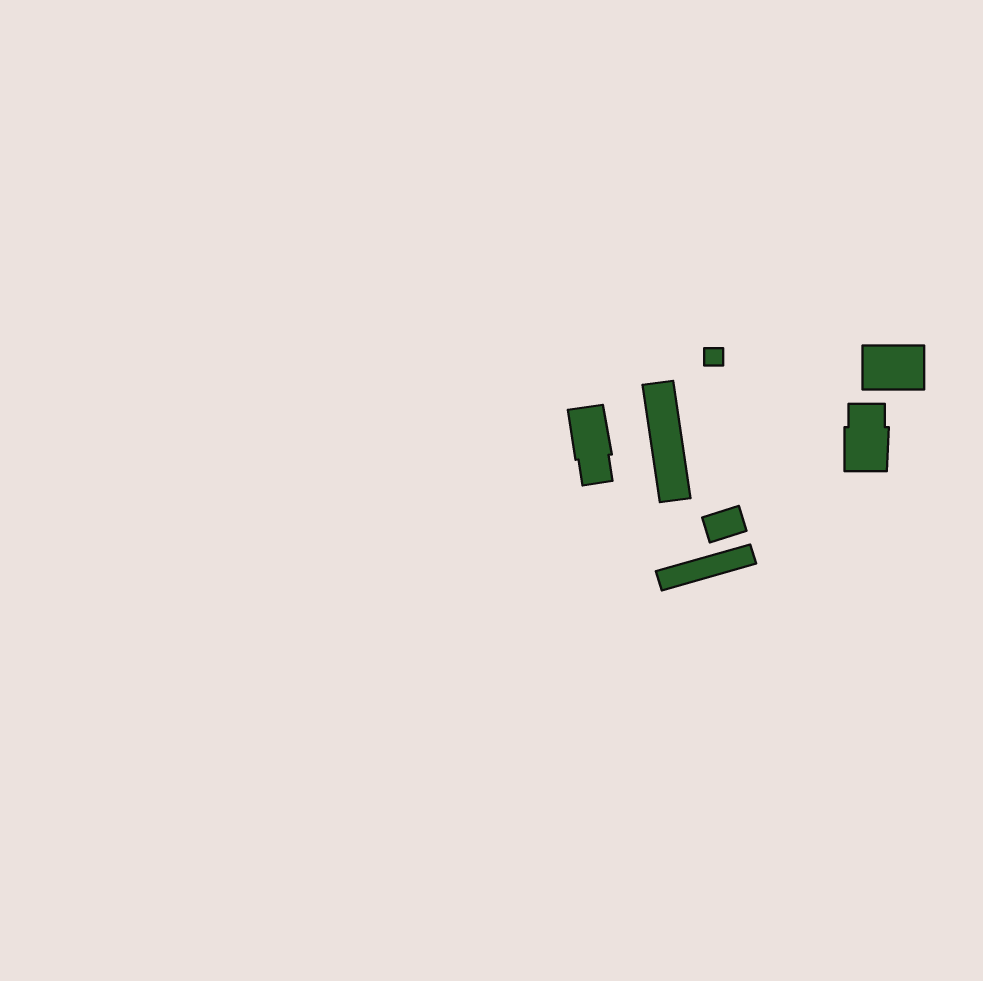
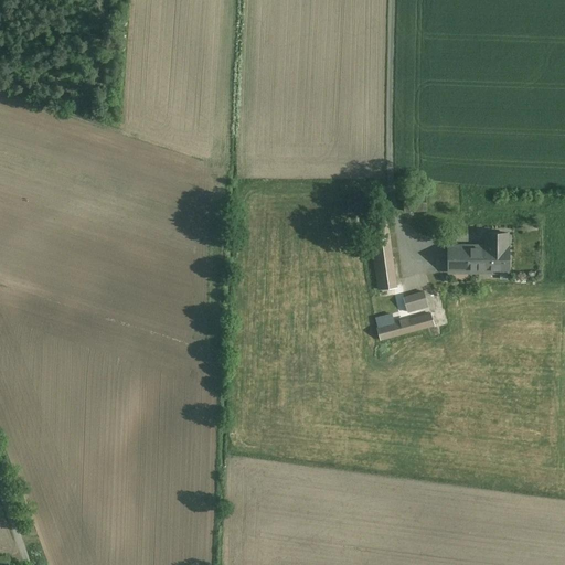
building: [862,345,924,390] -> [449,245,484,270]
building: [568,405,612,485] -> none

